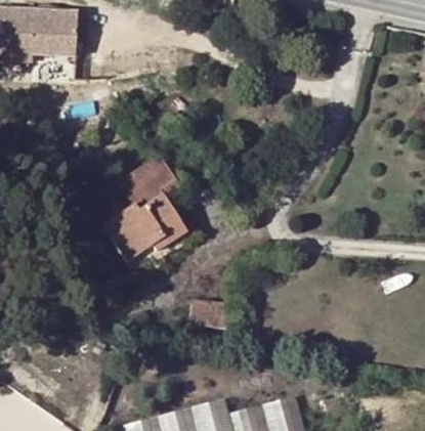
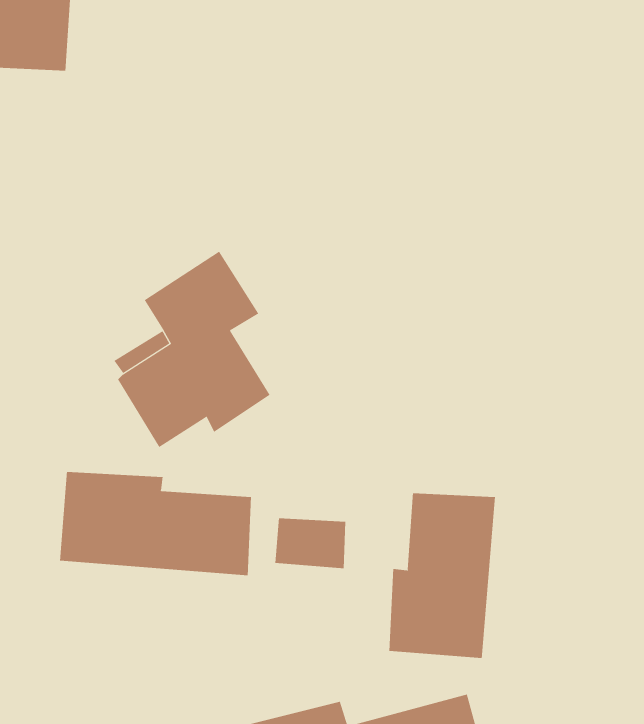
building: none -> [60,471,251,576]
building: none -> [389,492,495,659]

